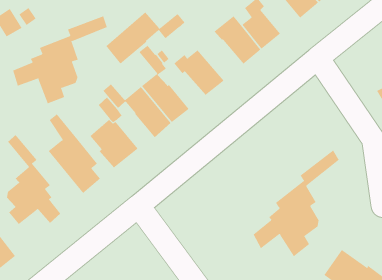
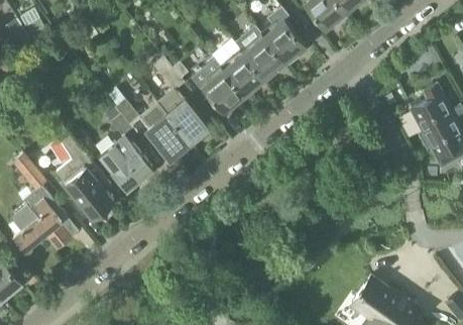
building: [106,12,185,64] -> none
building: [13,15,107,104] -> none
building: none -> [223,53,265,97]
building: [253,149,339,257] -> none

